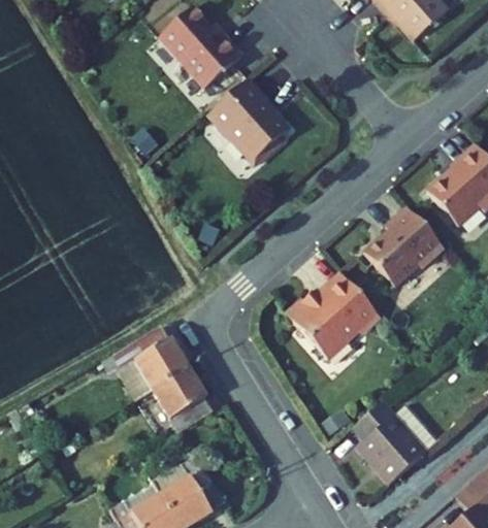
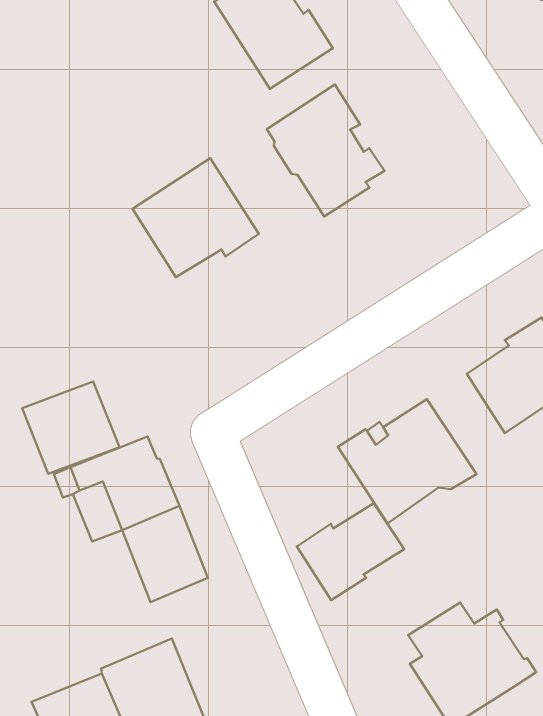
building: none -> [133,158,259,277]
building: none -> [22,381,119,474]
building: none -> [297,503,404,600]

